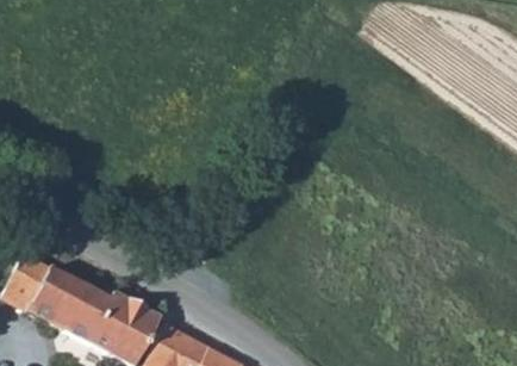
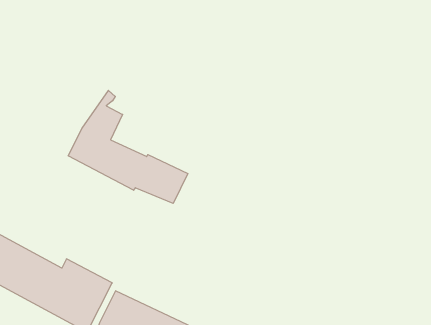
building: none -> [68,90,188,203]

